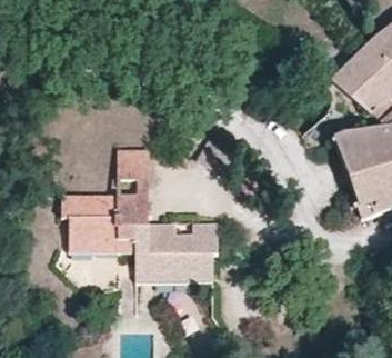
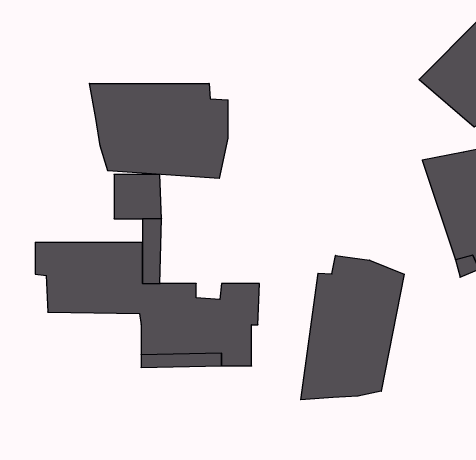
building: none -> [89,83,228,178]
building: none -> [301,255,404,400]

